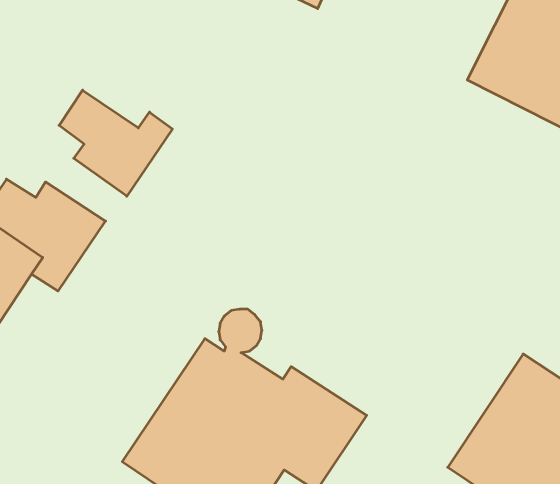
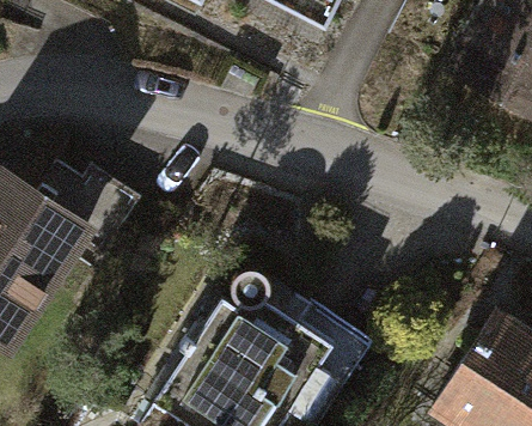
building: [59,90,172,196] -> none

